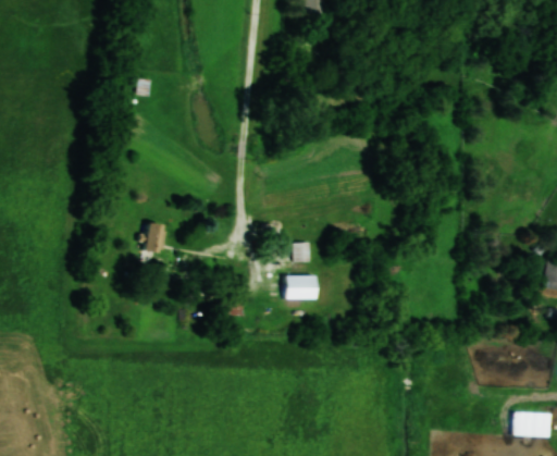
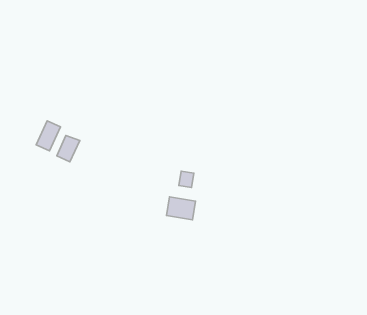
building: none -> [36,121,60,151]

